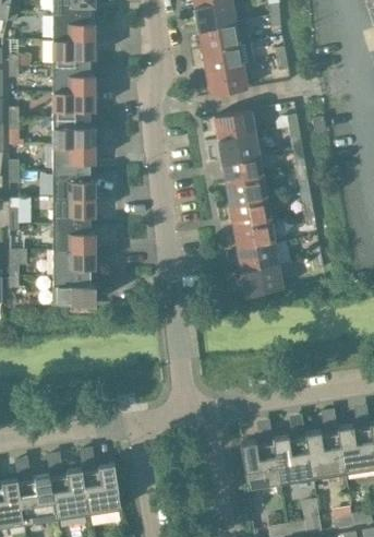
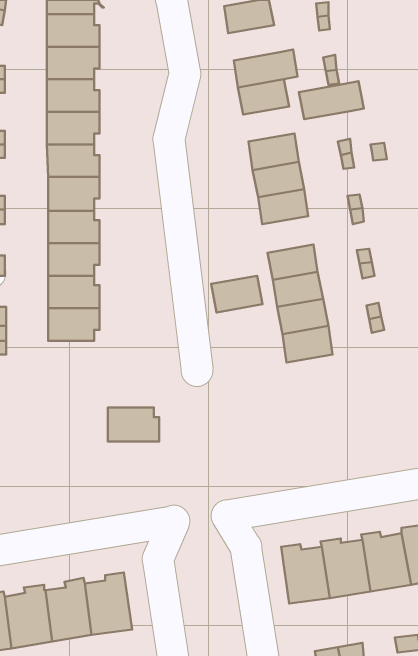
building: [197,21,250,51] -> [299,81,364,119]
building: [225,177,266,206] -> [211,276,263,312]
building: [52,277,94,305] -> [108,408,159,441]

